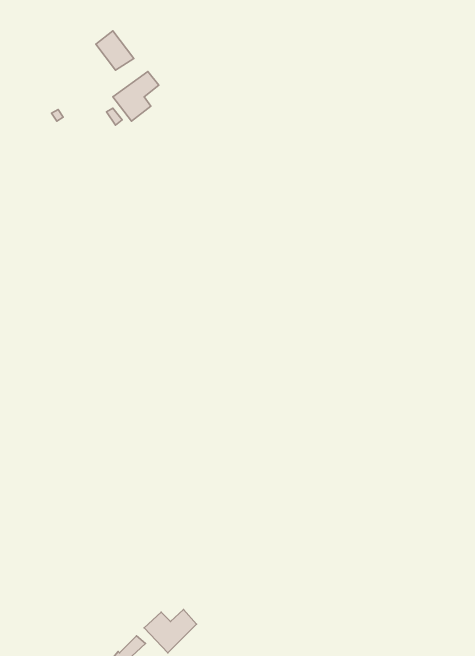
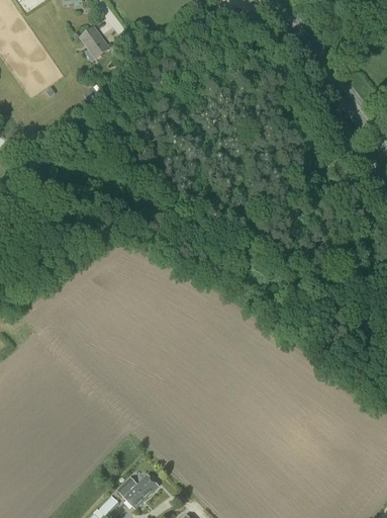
building: [113,71,159,121] -> none

